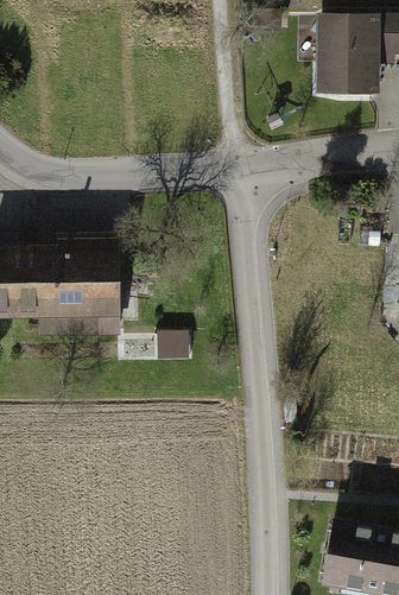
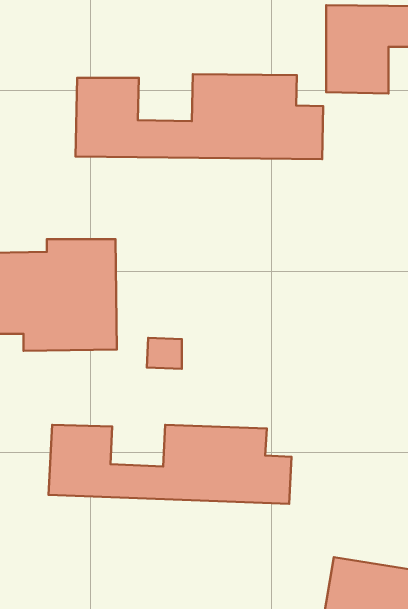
building: none -> [75,74,323,159]
building: none -> [49,425,292,504]

